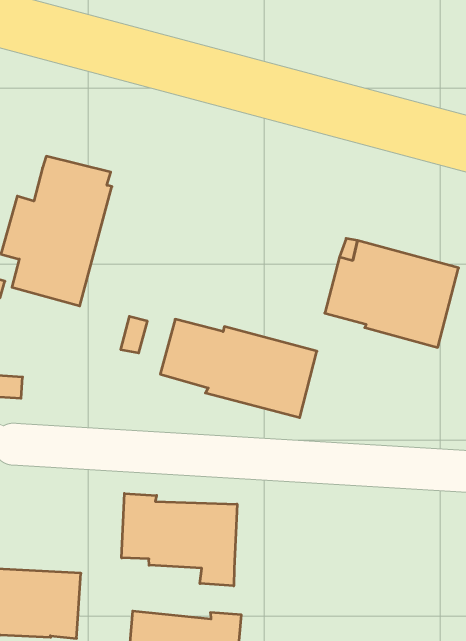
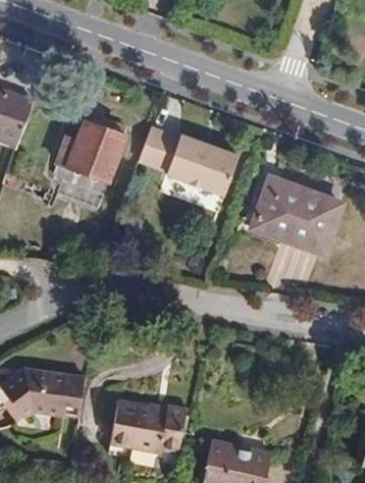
building: [160,319,317,418] -> [138,127,238,196]
building: [122,493,237,586] -> none

